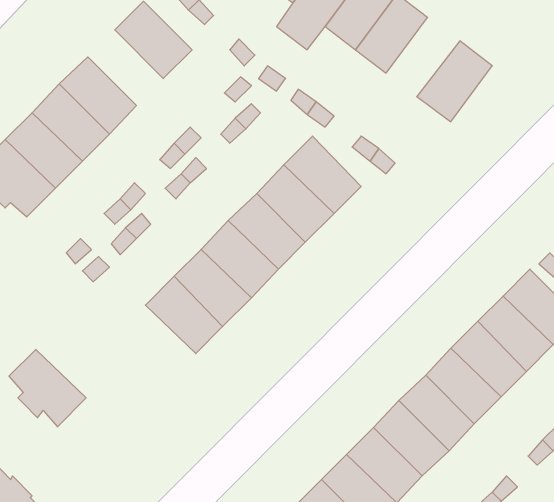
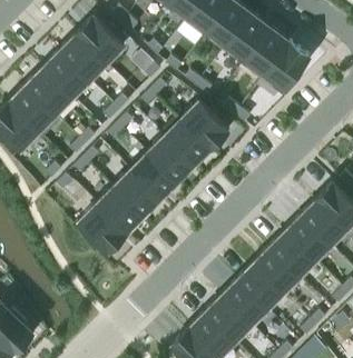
building: none -> [244,27,290,76]
building: none -> [59,34,106,81]
building: [9,349,86,427] -> [78,205,126,252]

